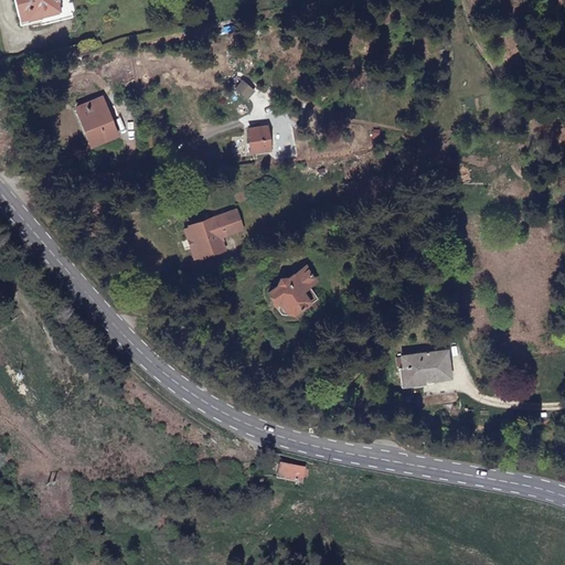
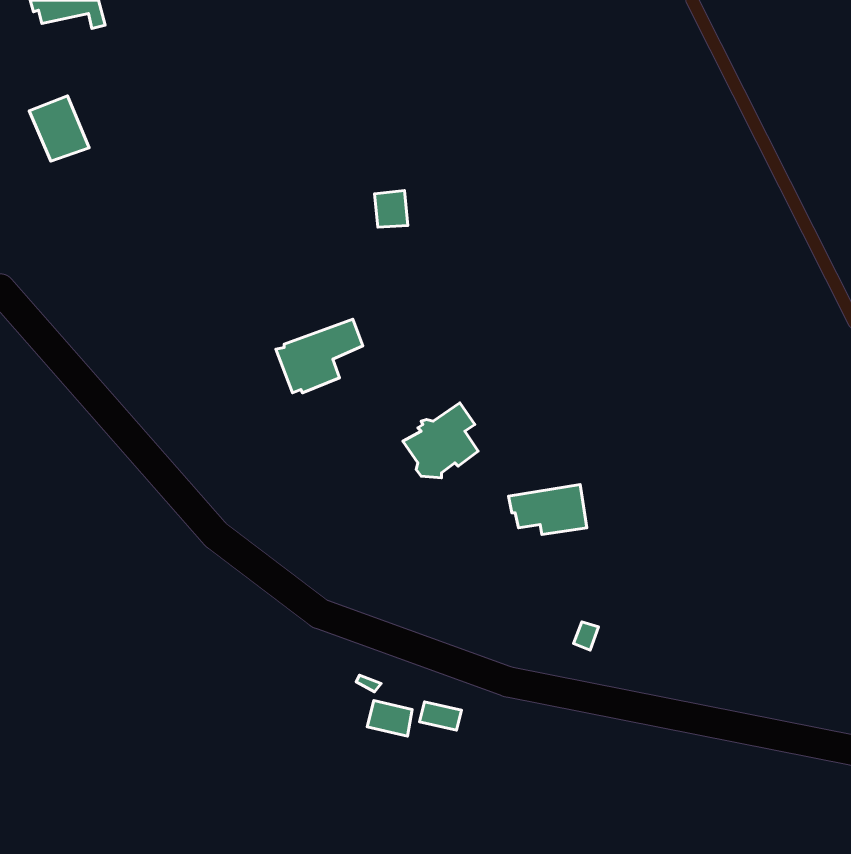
building: [78,98,118,141] -> [29,96,89,161]
building: [394,350,446,383] -> [508,484,587,535]
building: none -> [367,701,412,736]

